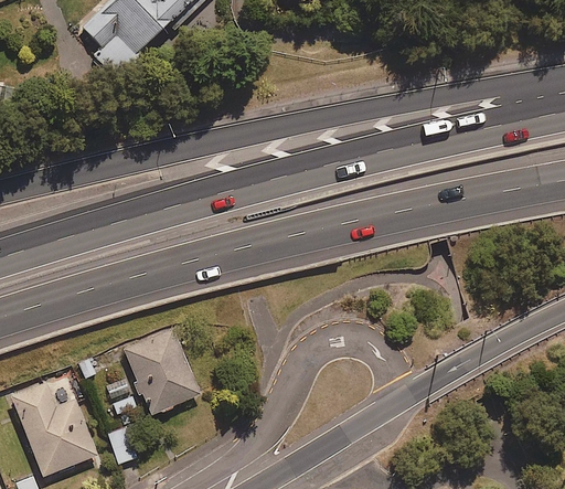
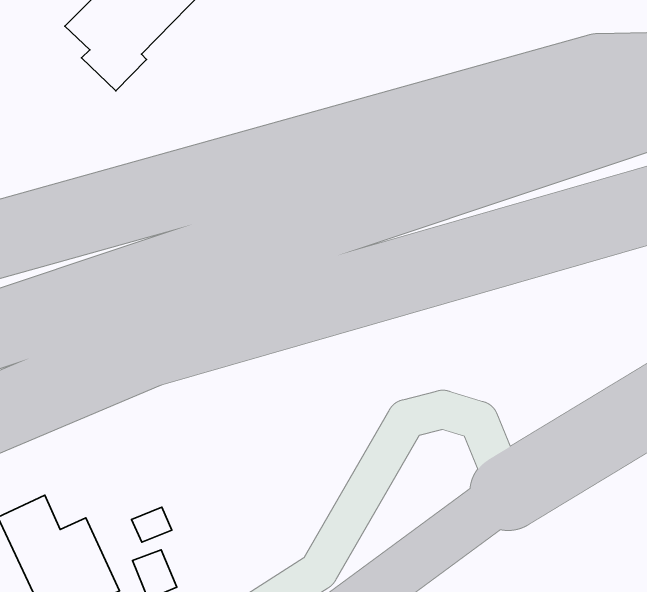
building: [120,328,201,417] -> none

